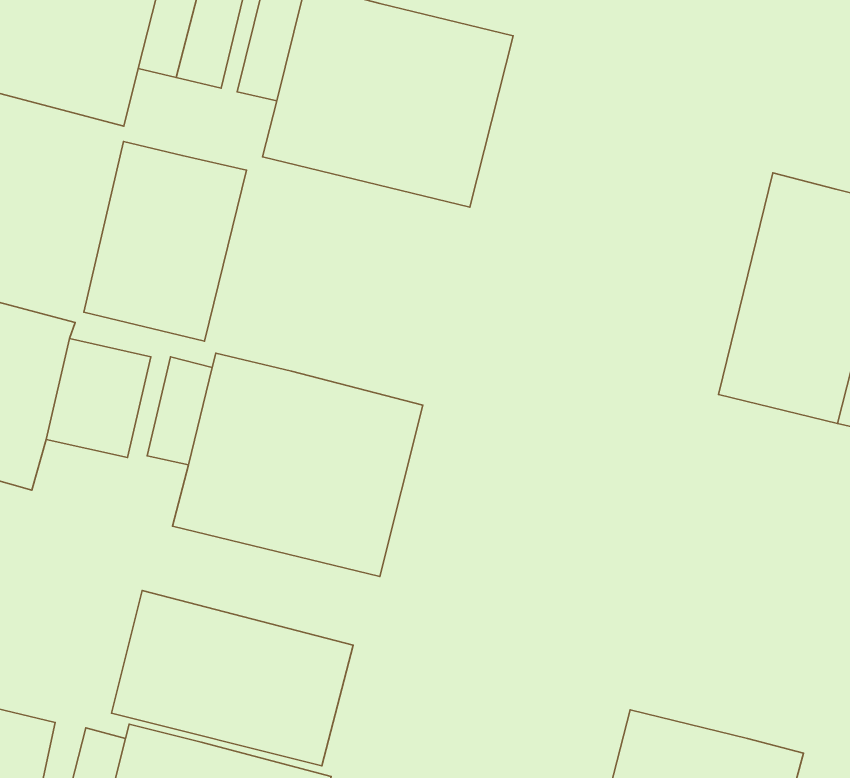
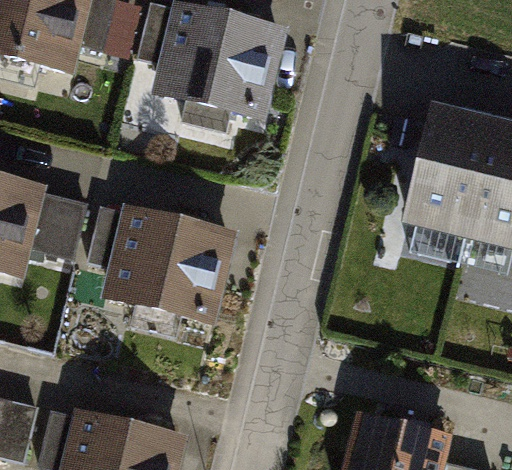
building: [84,142,247,341] -> none
building: [111,590,353,766] -> none

